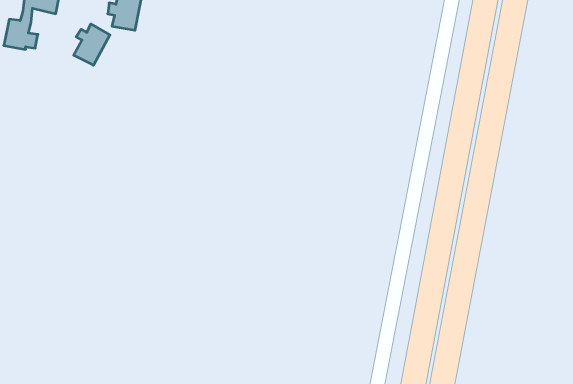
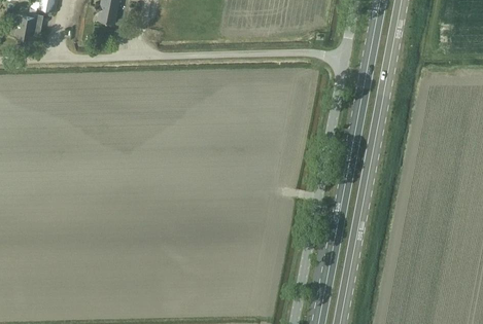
building: [74,24,110,65] -> none

